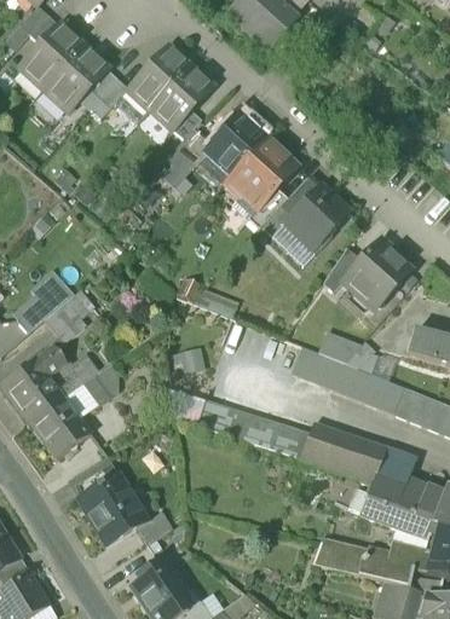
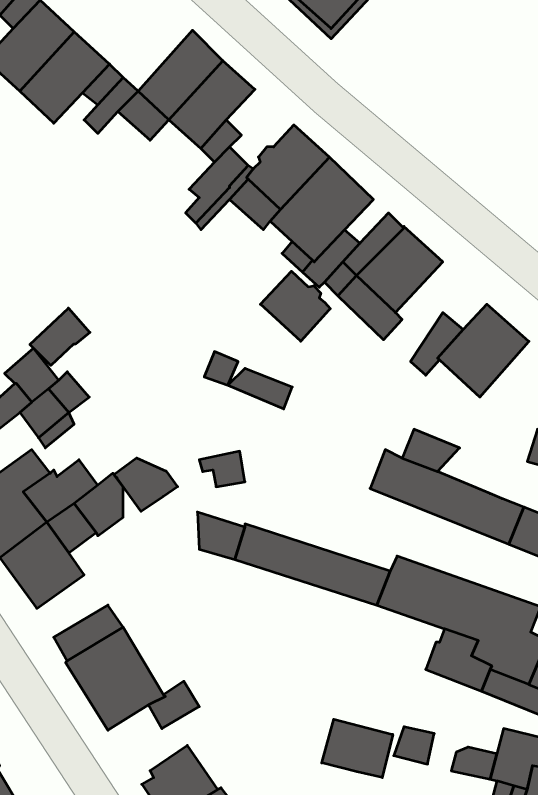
building: none -> [260,271,330,341]
building: none -> [30,308,90,365]
building: [344,340,396,381] -> none
building: none -> [114,458,178,511]
building: none -> [322,719,393,778]

